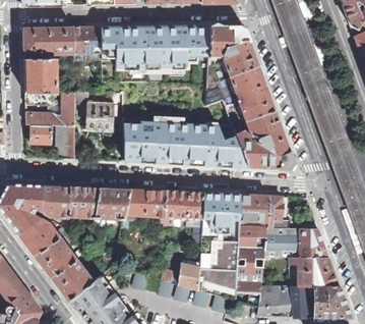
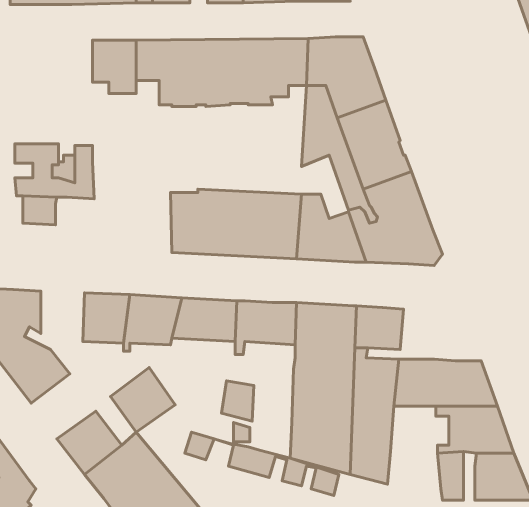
building: [23,26,74,53] -> none
building: [24,58,56,92] -> none
building: [74,91,113,127] -> none
building: [56,125,75,158] -> none
building: [42,184,69,216] -> none
building: [266,196,289,227] -> none
building: [36,236,76,277] -> [110,367,175,432]
building: [179,264,199,289] -> [221,381,254,421]
building: [258,285,293,315] -> none

